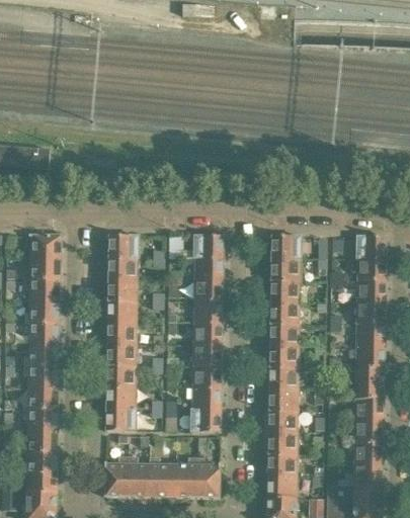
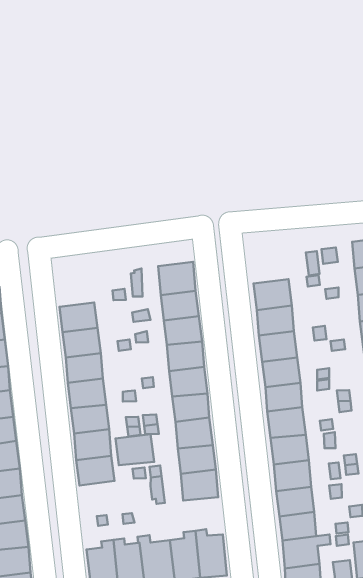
building: [107,237,138,260] -> none
building: [270,237,301,261] -> none
building: [105,410,135,433] -> [116,434,154,465]

